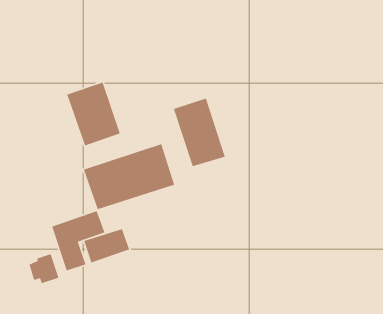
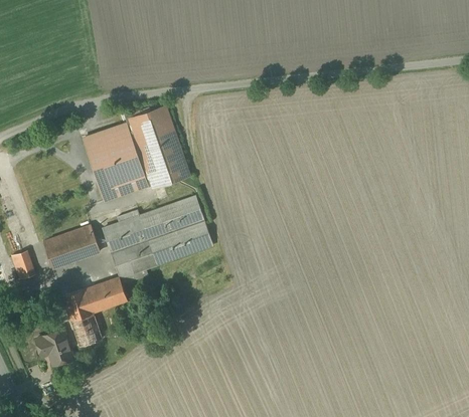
building: [173,98,226,167] -> [127,106,190,189]
building: none -> [11,251,34,278]
building: [83,228,130,263] -> [43,226,100,268]

